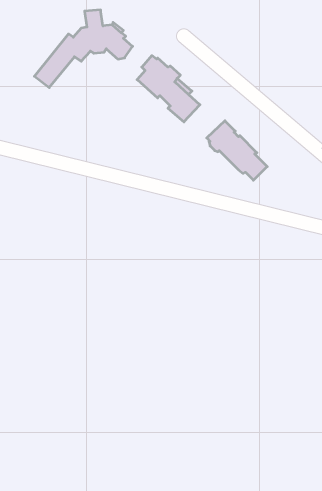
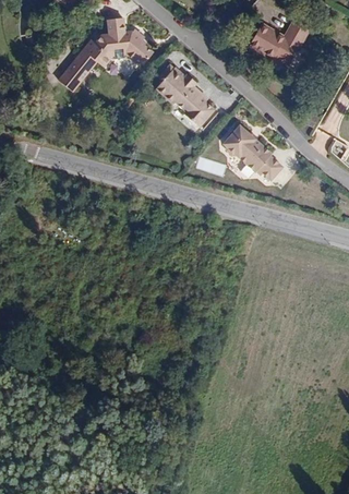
building: none -> [249,17,310,62]

